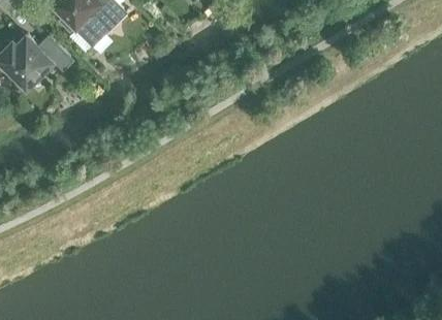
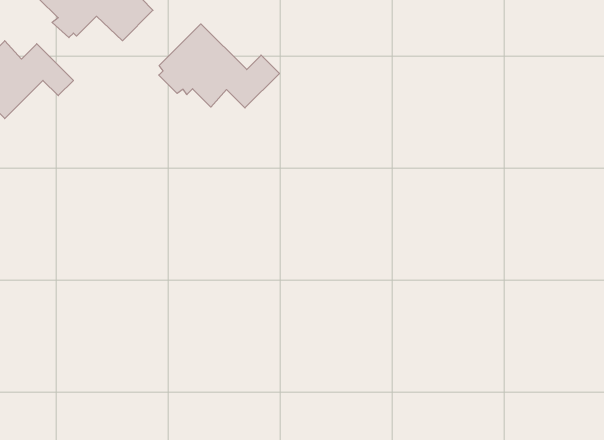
building: none -> [159,24,279,108]

